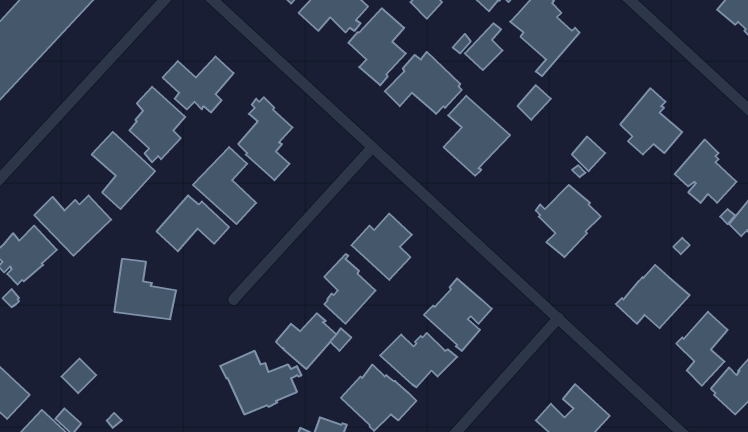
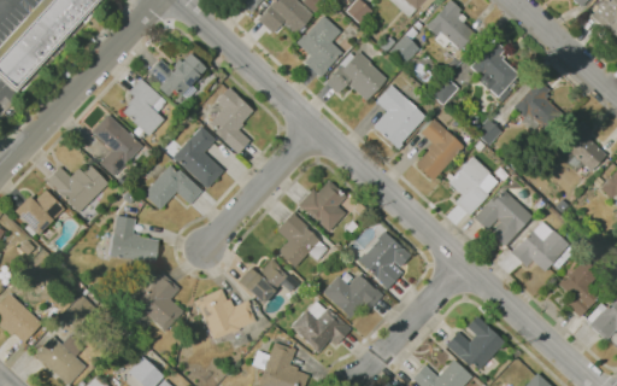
building: none -> [469,40,519,98]
building: none -> [415,118,464,181]
building: none -> [474,189,531,247]
building: none -> [135,274,183,333]

